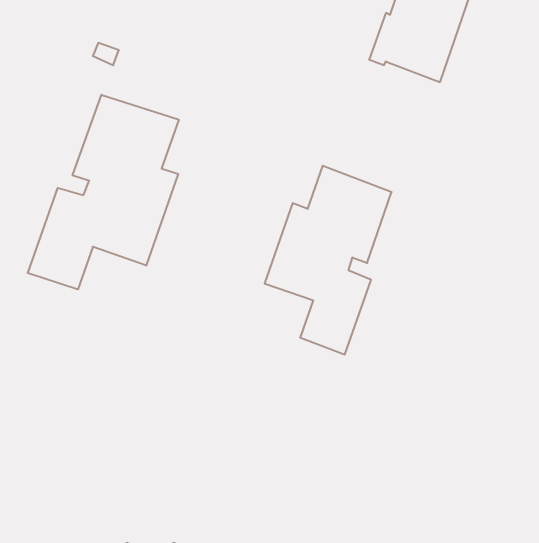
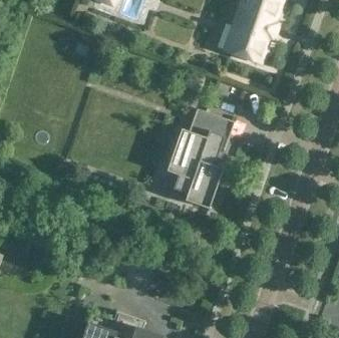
building: [28,95,179,289] -> none

